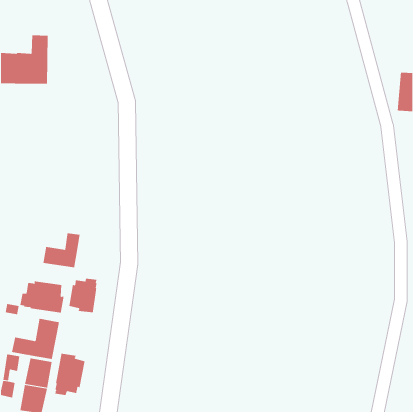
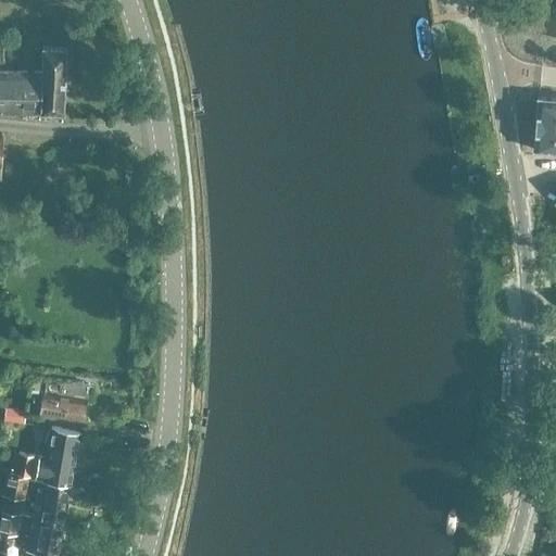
building: [43,232,80,268] -> none
building: [69,278,97,313] -> none
building: [55,353,85,396] -> none

